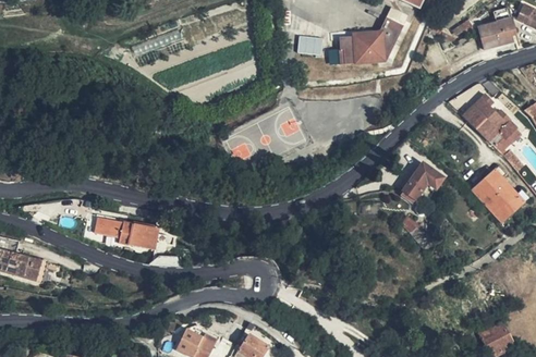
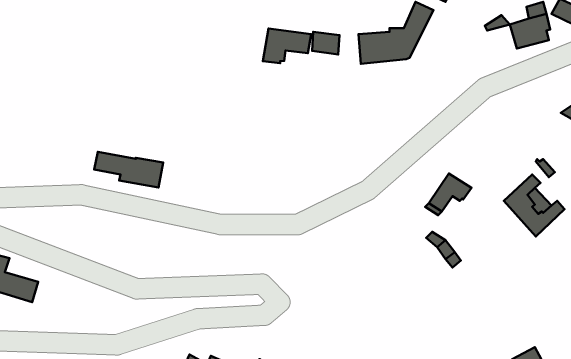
building: none -> [263,28,311,63]
building: [463,91,521,148] -> none
building: [96,217,159,249] -> [94,152,163,187]

